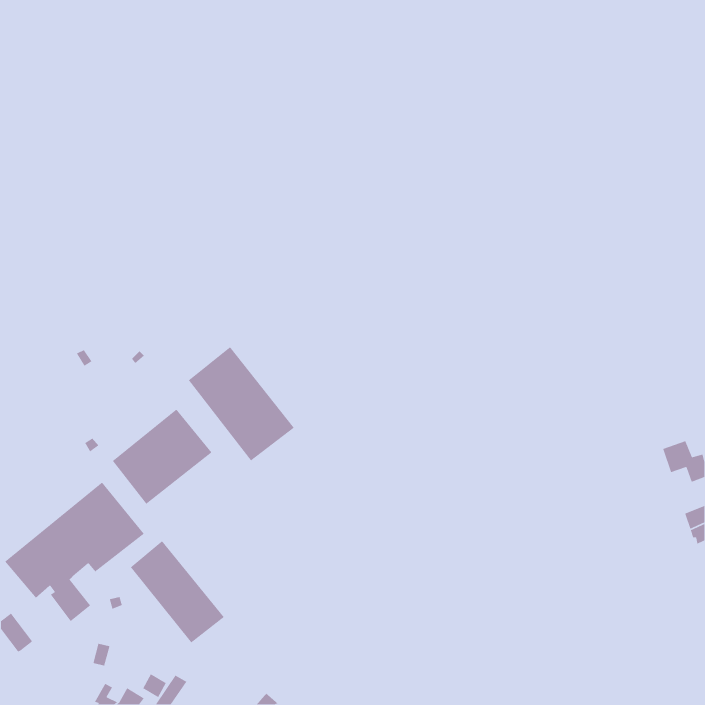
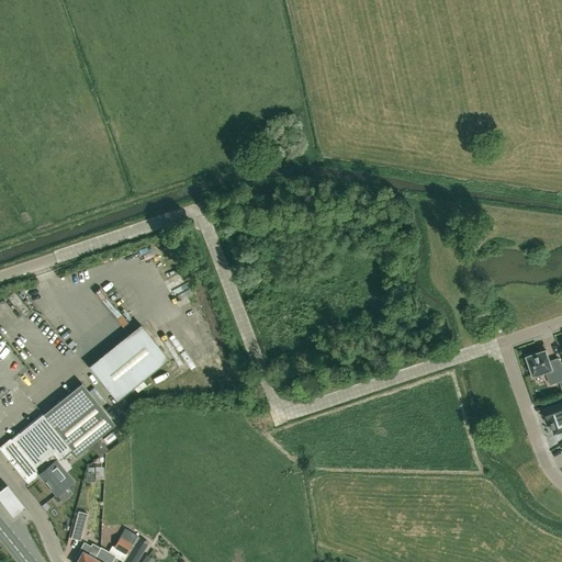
building: [188,346,295,461] -> none
building: [130,540,225,643] -> none

